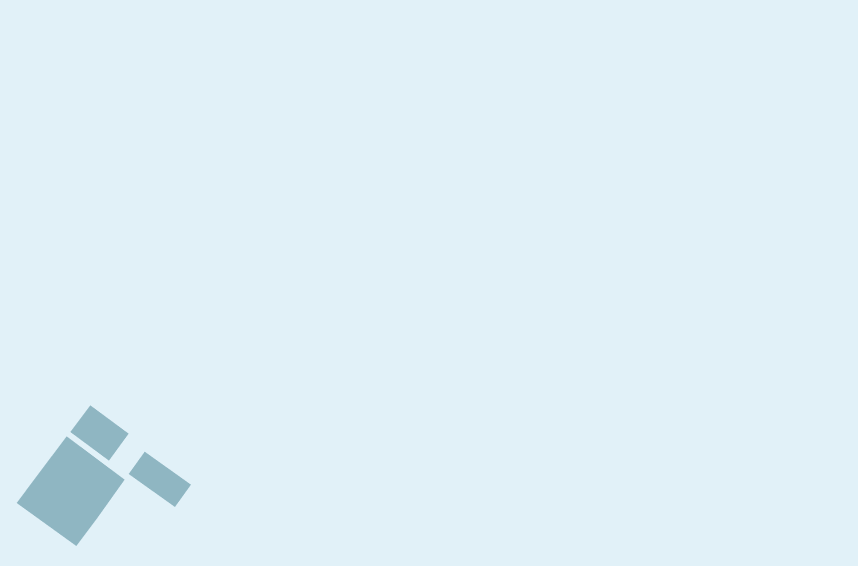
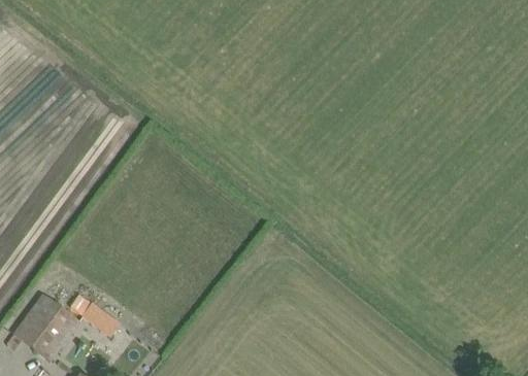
building: [69,404,130,462] -> none

